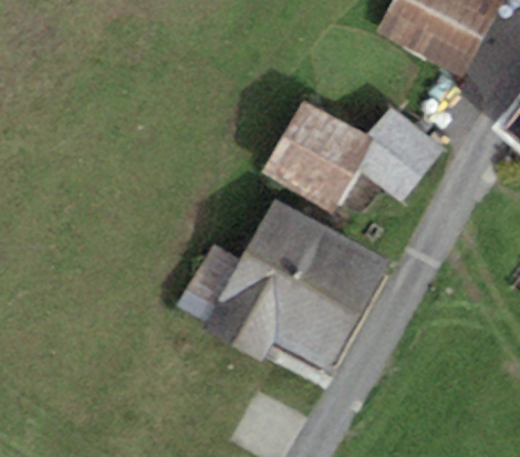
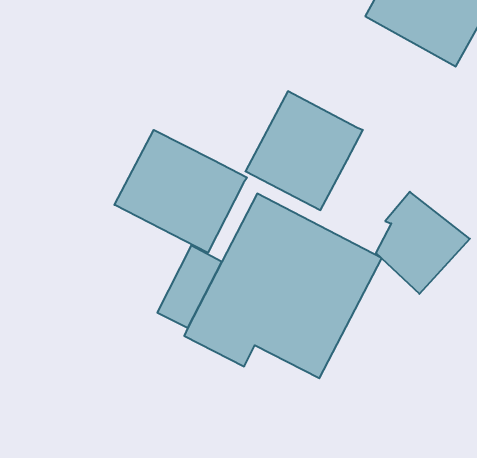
building: [358,107,447,204] -> [376,192,470,294]
building: none -> [114,130,247,253]

